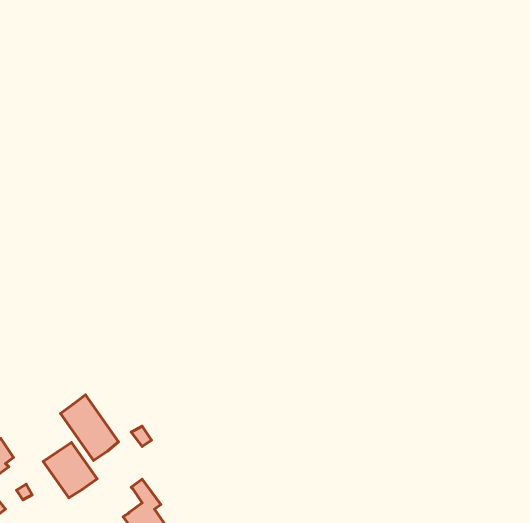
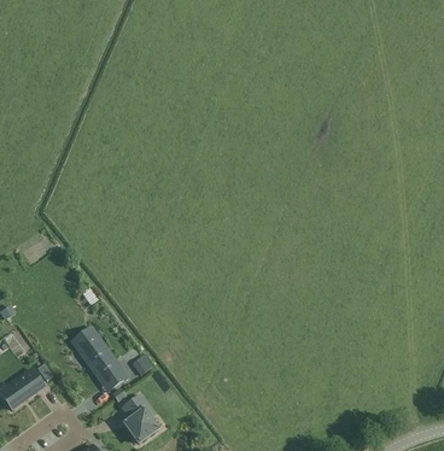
building: [43,443,97,498] -> none

